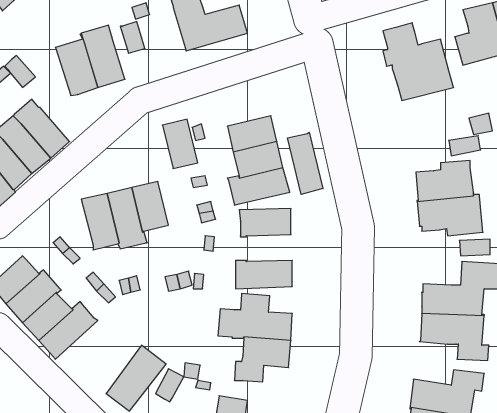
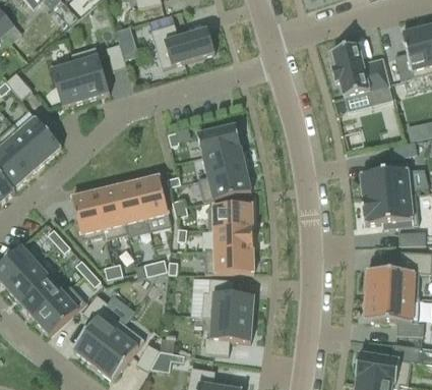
building: [162,119,198,169] -> [138,176,169,219]
building: [288,132,323,194] -> none
building: none -> [214,227,254,250]
building: none -> [73,294,124,365]

